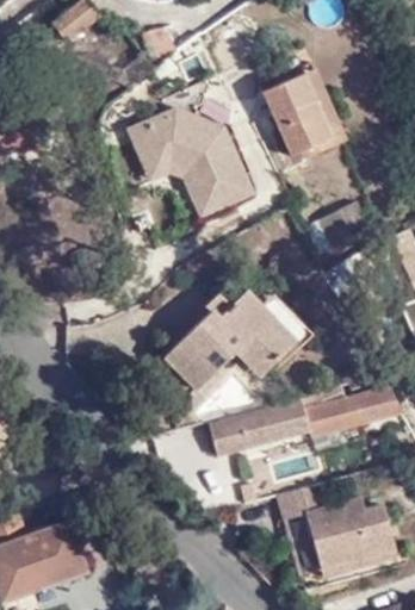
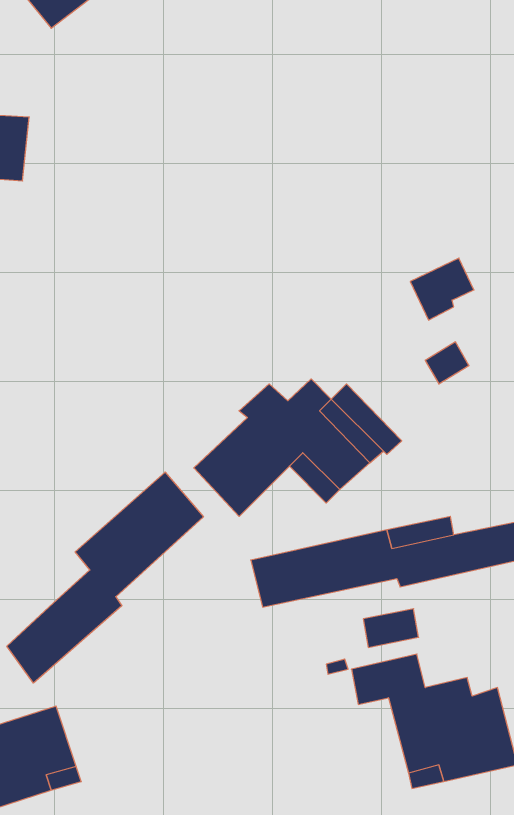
building: [262,71,347,162] -> none
building: [128,106,252,214] -> none
building: none -> [7,472,203,683]

